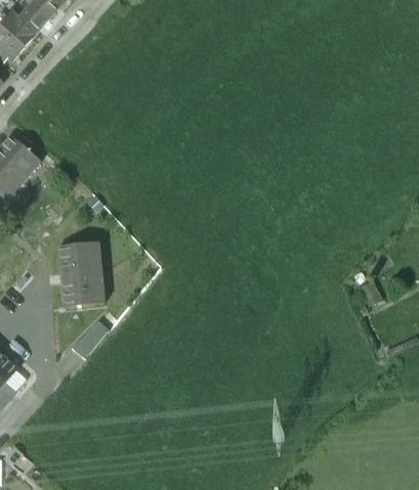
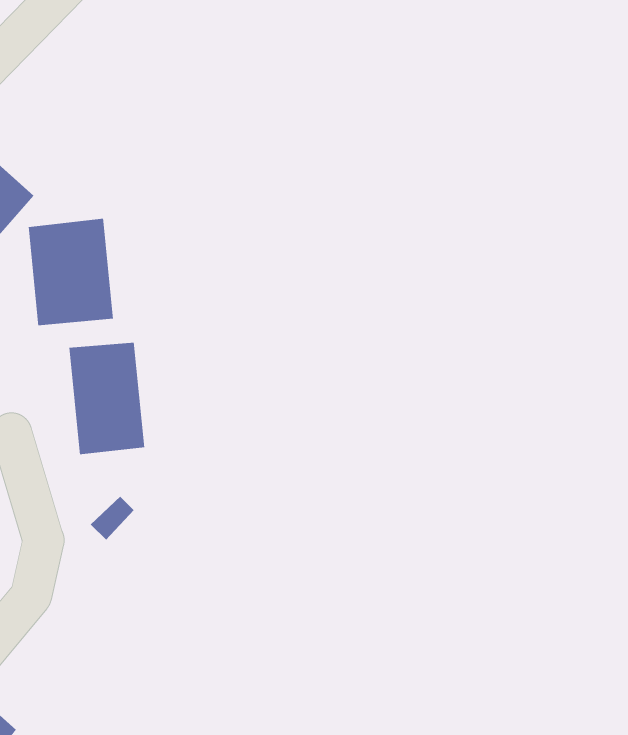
building: none -> [28,218,113,326]

